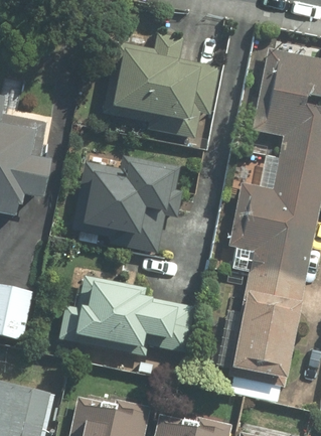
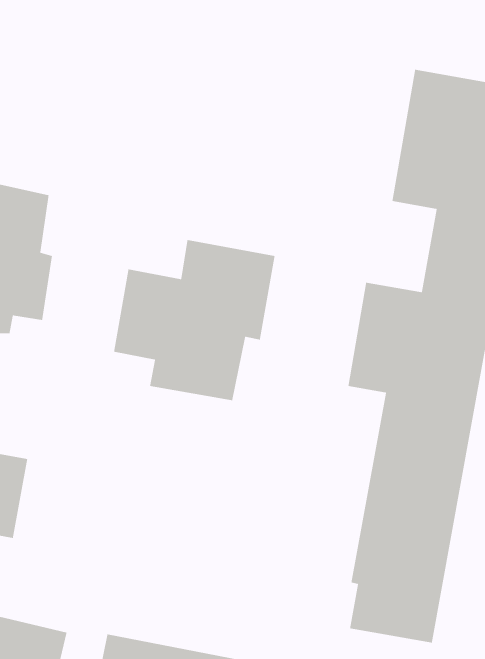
building: [102,34,220,140] -> none
building: [58,274,196,355] -> none

